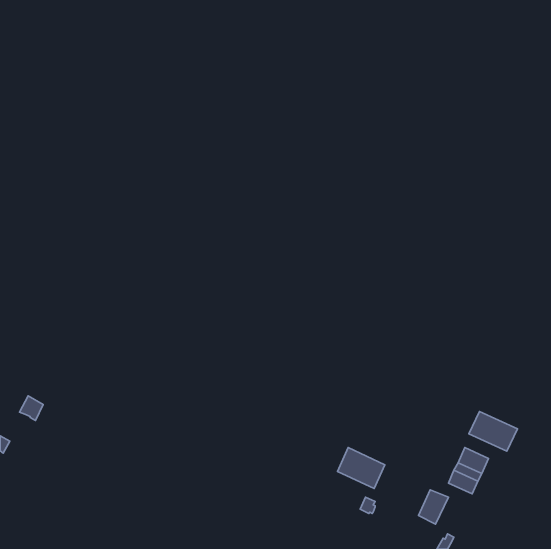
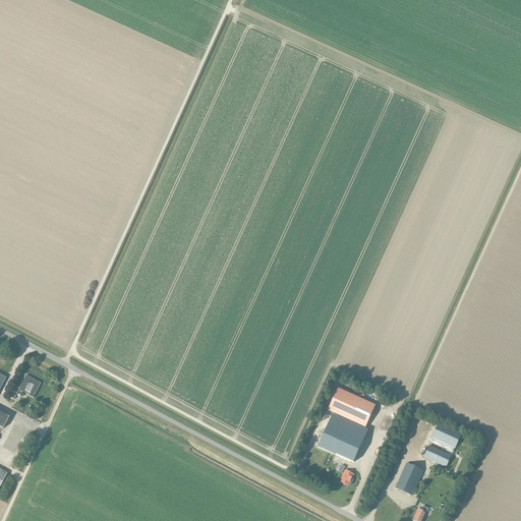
building: none -> [328,387,375,425]
building: [469,412,518,451] -> none

